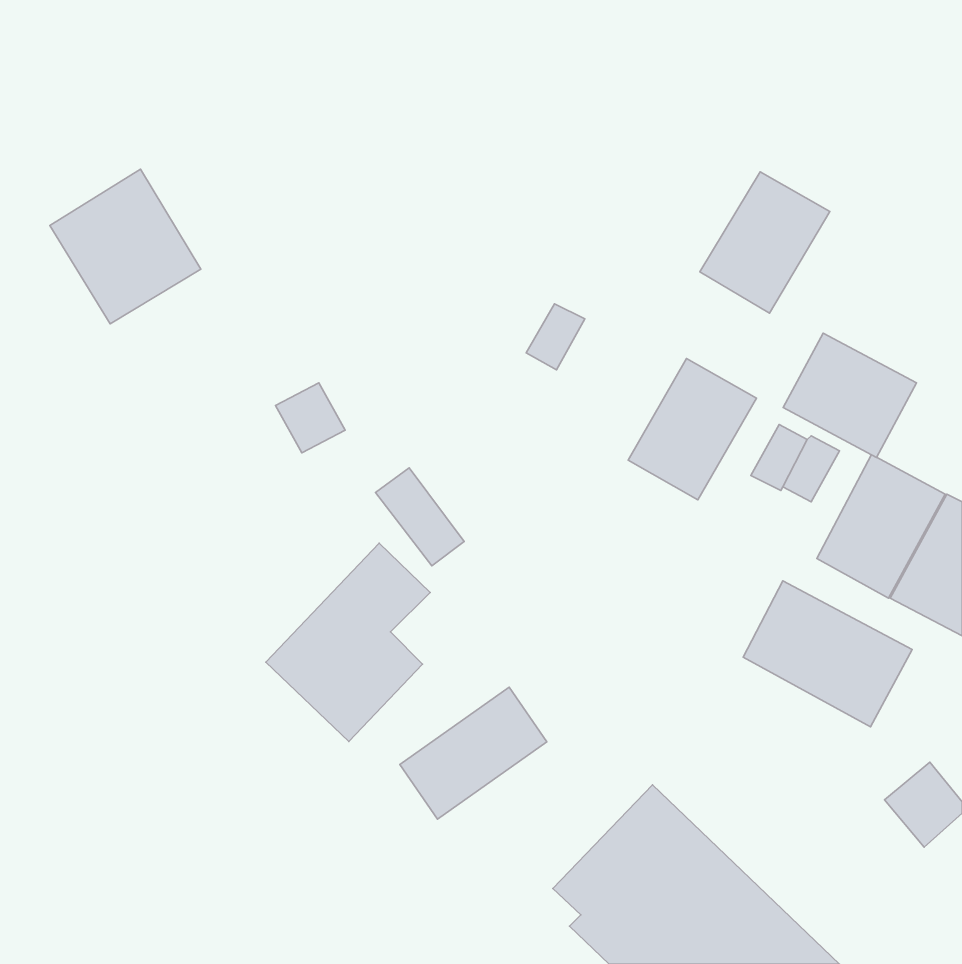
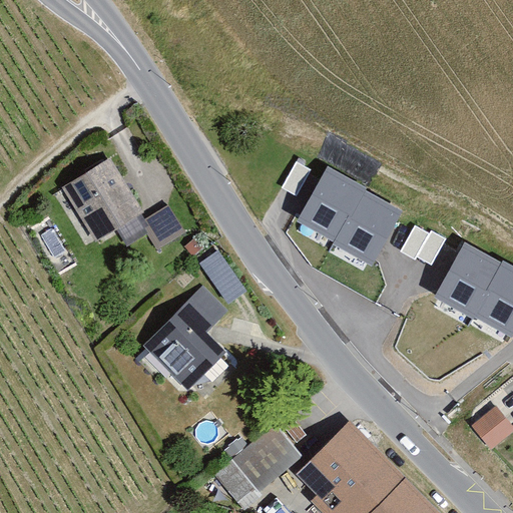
building: [50,169,201,324] -> [61,159,141,241]
building: [700,172,830,313] -> [296,167,365,242]
building: [783,333,917,457] -> none
building: [743,581,912,727] -> none
building: [400,687,547,819] -> [212,431,291,501]

